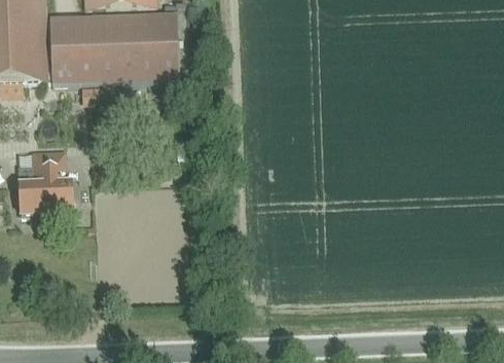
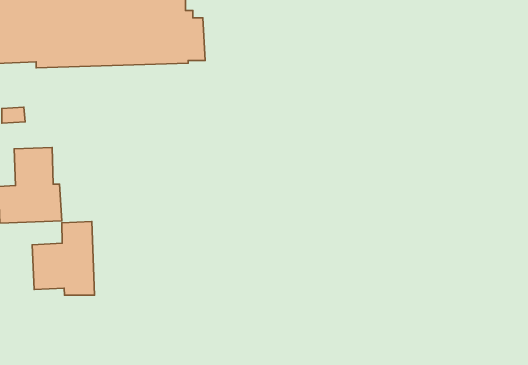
building: none -> [32,222,95,295]

